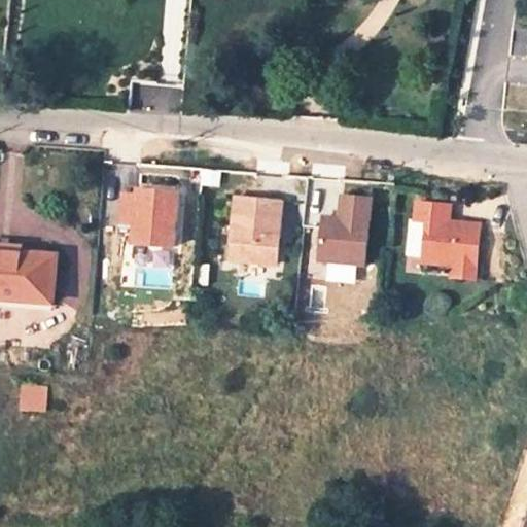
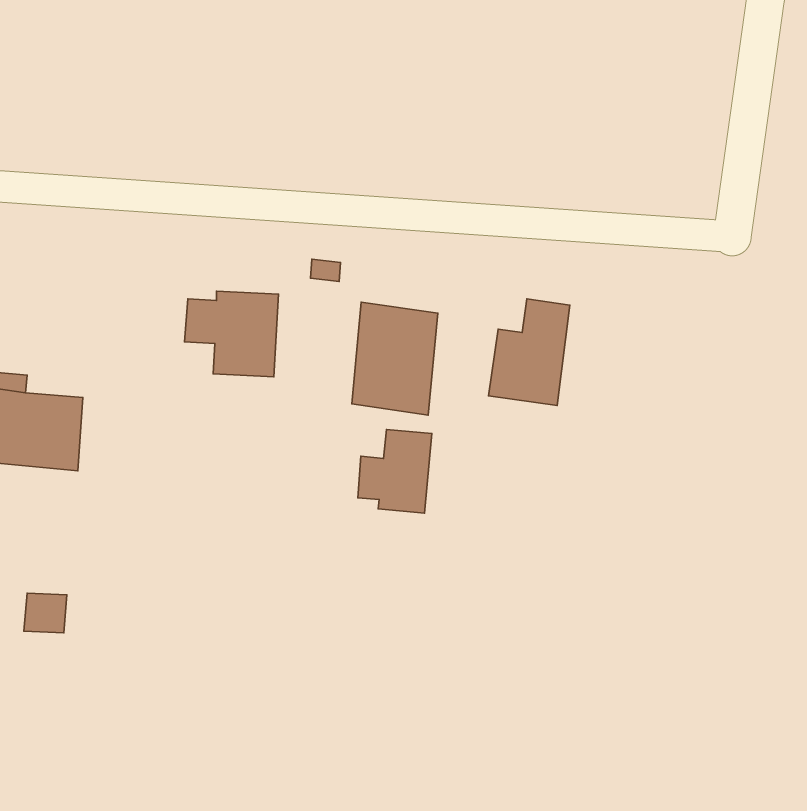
building: [413,200,477,276] -> none
building: none -> [358,429,432,513]

